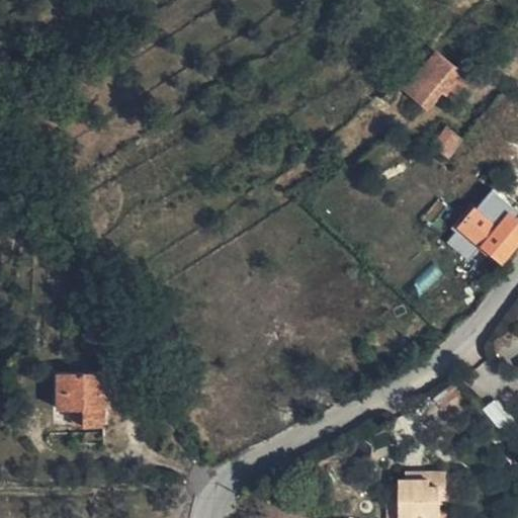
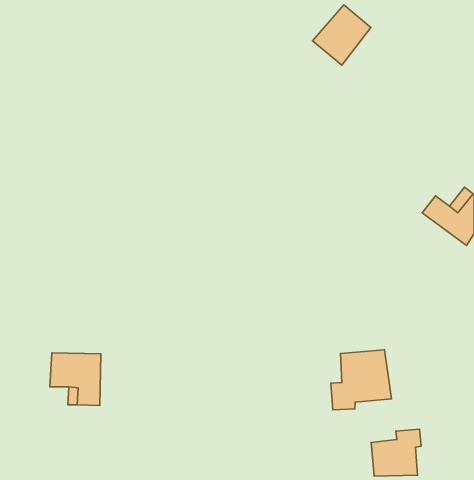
building: [398,47,460,111] -> [313,5,371,65]
building: none -> [331,350,392,410]

